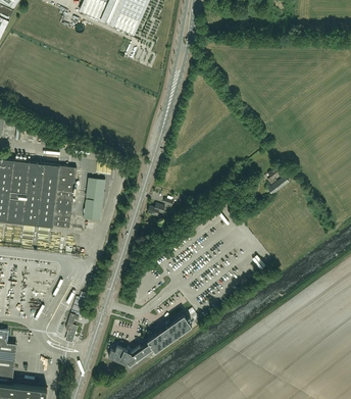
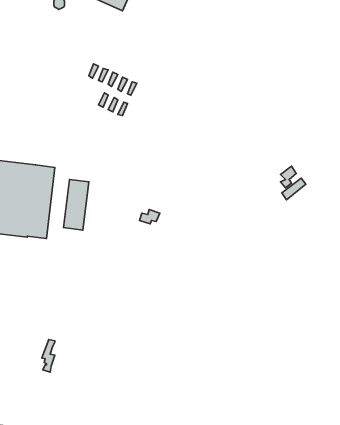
building: [108,314,192,370] -> none

